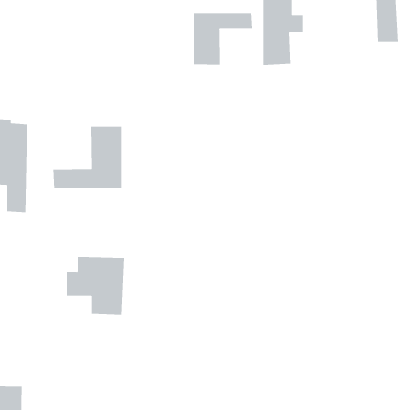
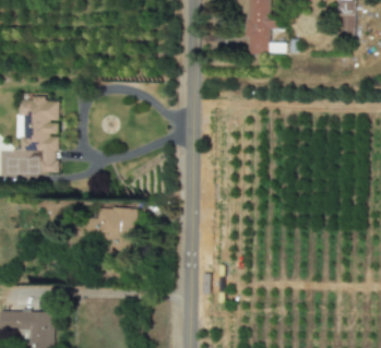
building: [193,12,252,65] -> none
building: [53,126,122,189] -> none

